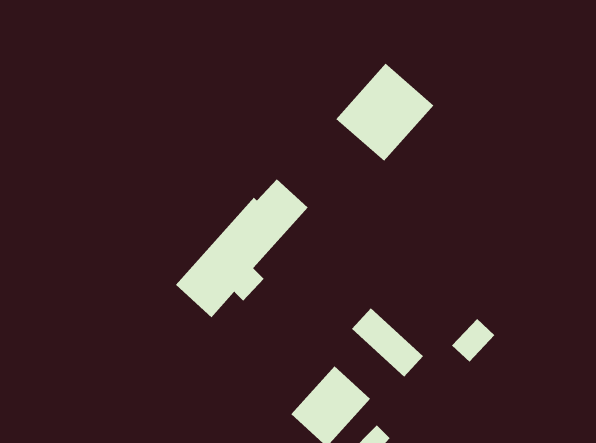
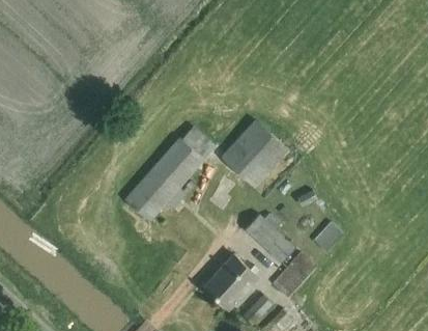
building: [335,63,434,162] -> [221,120,288,188]
building: none -> [274,253,316,298]

